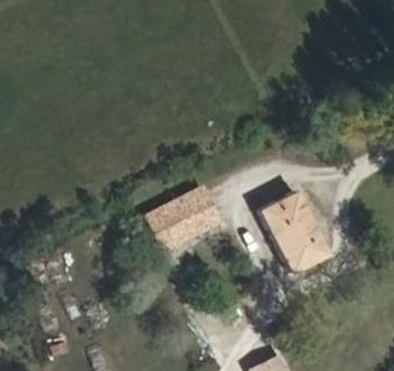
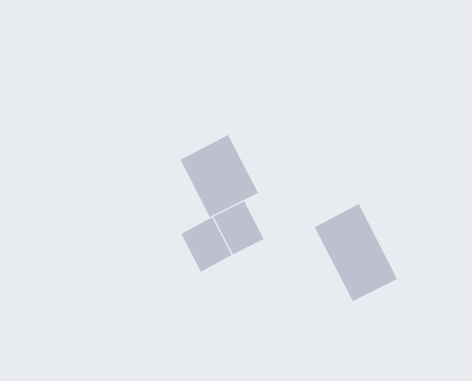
building: none -> [180,134,259,218]

